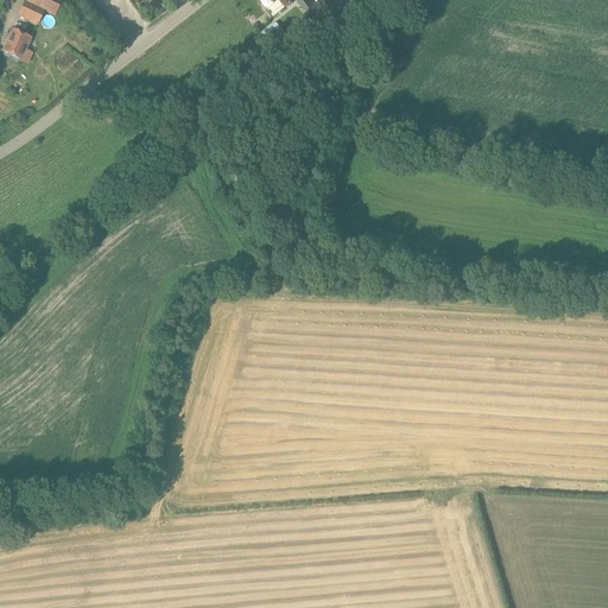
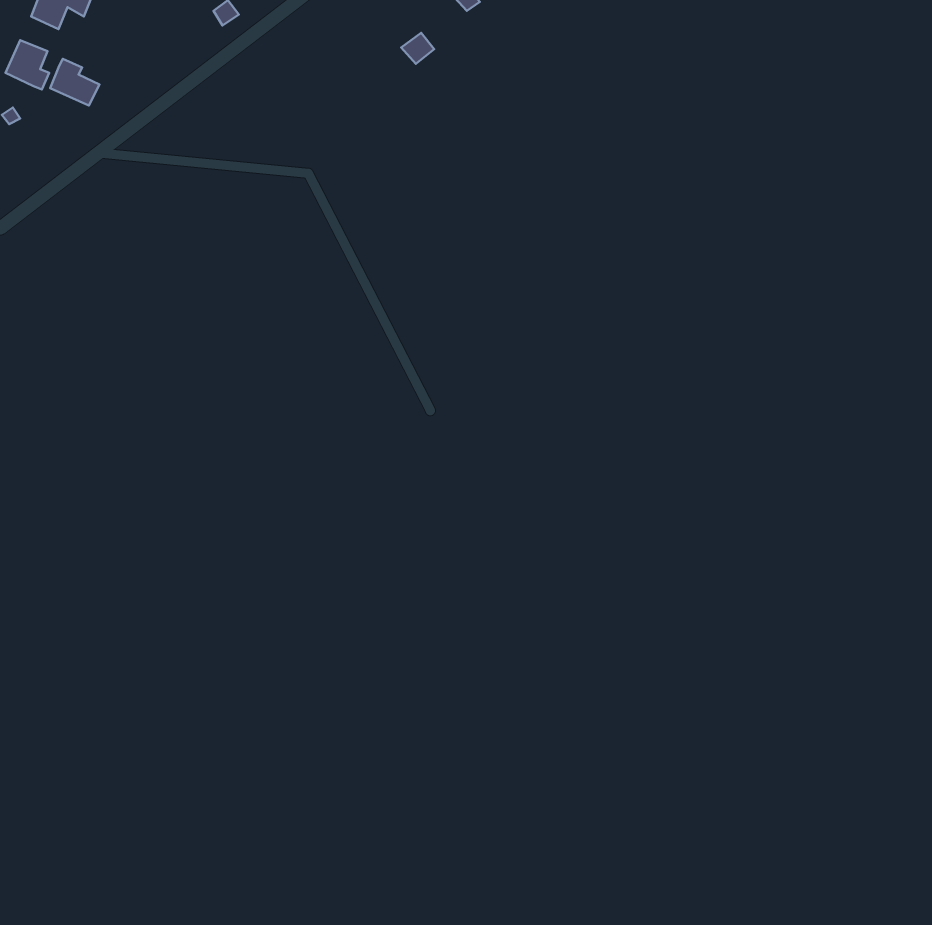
building: none -> [50,59,100,105]

